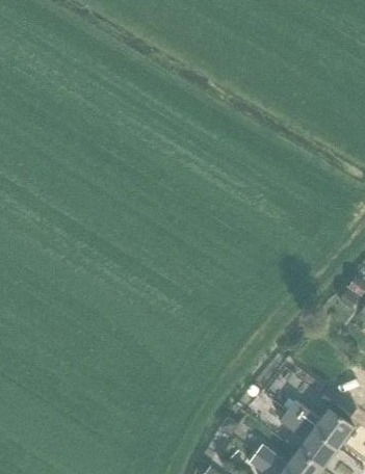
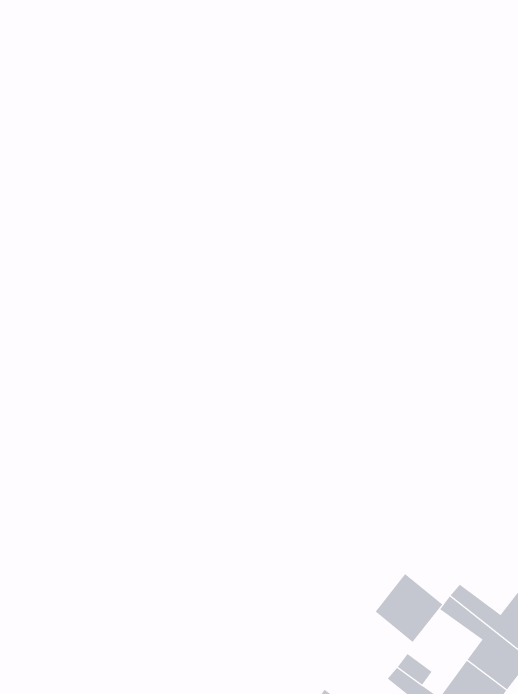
building: none -> [375,573,443,643]

